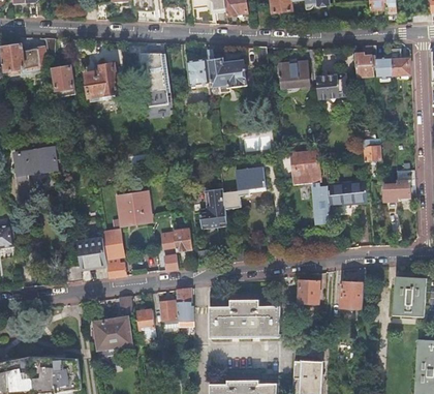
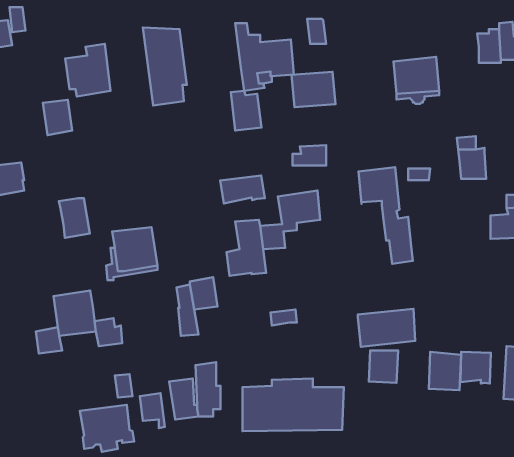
building: [354,46,376,77] -> none
building: [187,57,209,85] -> [231,91,262,130]
building: [278,62,309,87] -> [292,72,336,107]
building: [53,66,73,91] -> [43,100,72,135]
building: none -> [220,175,265,203]
building: [327,180,367,207] -> [358,309,415,347]
building: [101,231,123,259] -> [59,198,90,238]
building: none -> [460,352,491,383]

